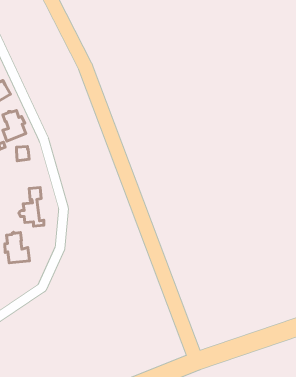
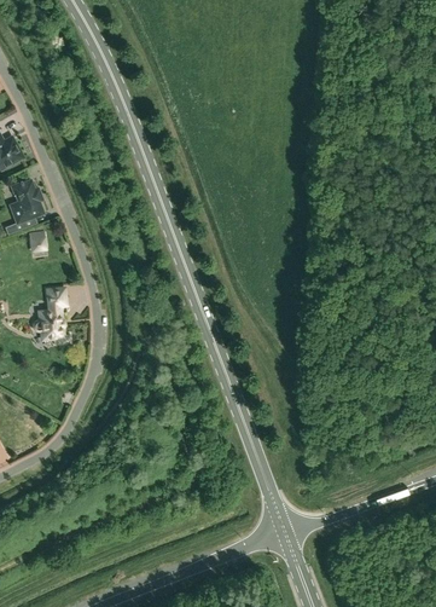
building: [5,232,29,263] -> none

